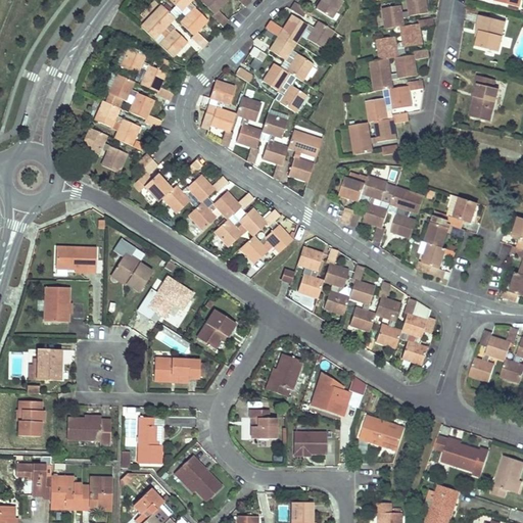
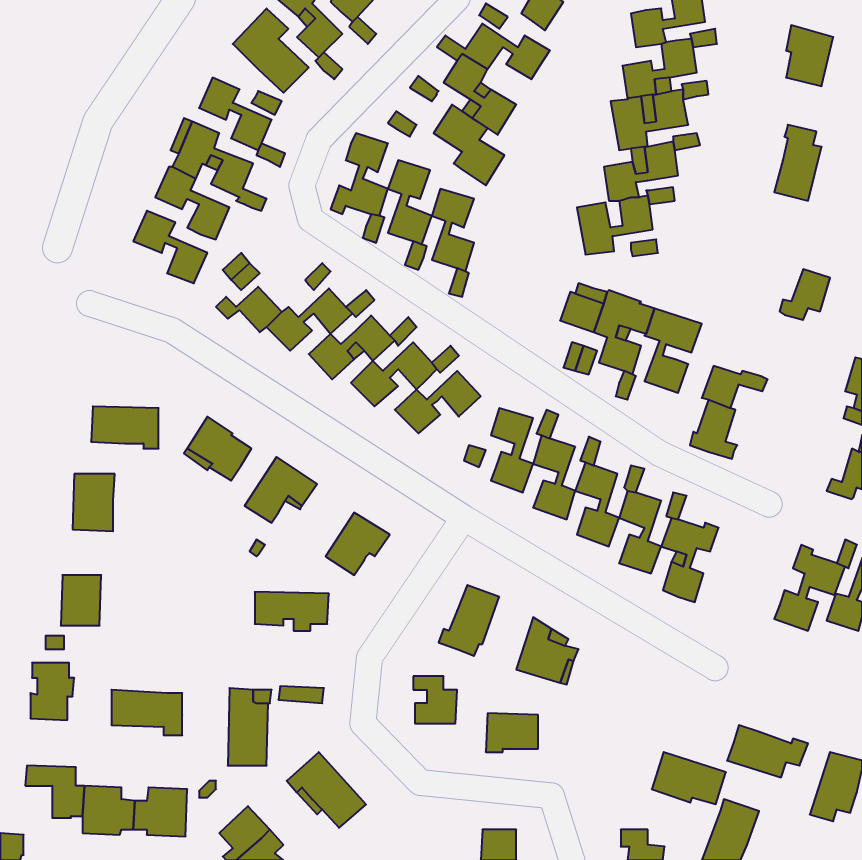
building: [287,130,321,181] -> none
building: [446,197,477,228] -> [780,269,830,320]
building: [360,416,405,447] -> [652,752,726,804]

